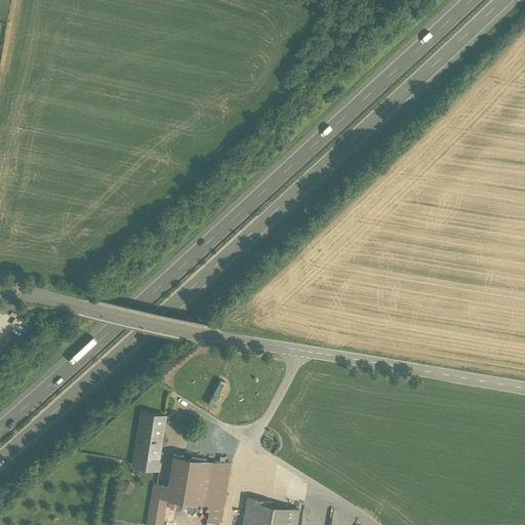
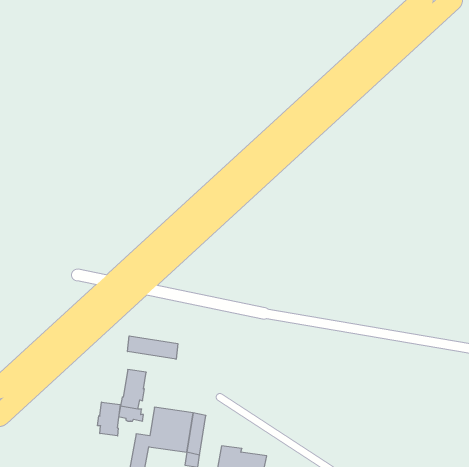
building: none -> [128,336,178,359]
building: none -> [98,402,120,436]

